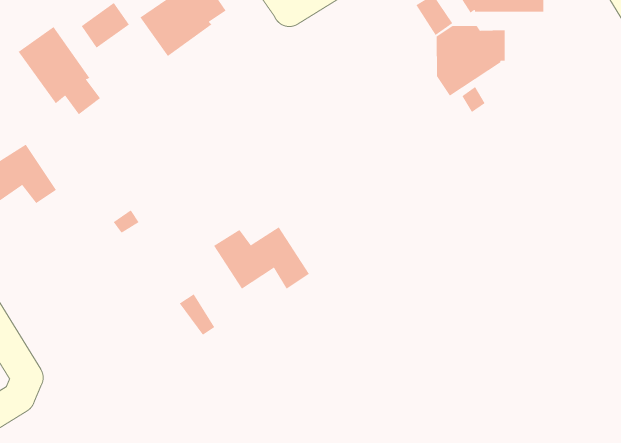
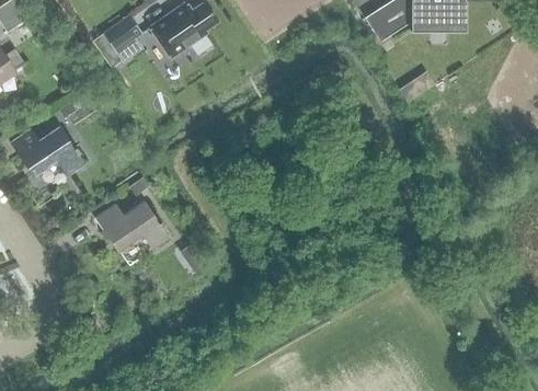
building: [436,25,505,97] -> none
building: [18,26,101,115] -> none
building: [213,226,310,289] -> [94,203,170,252]

